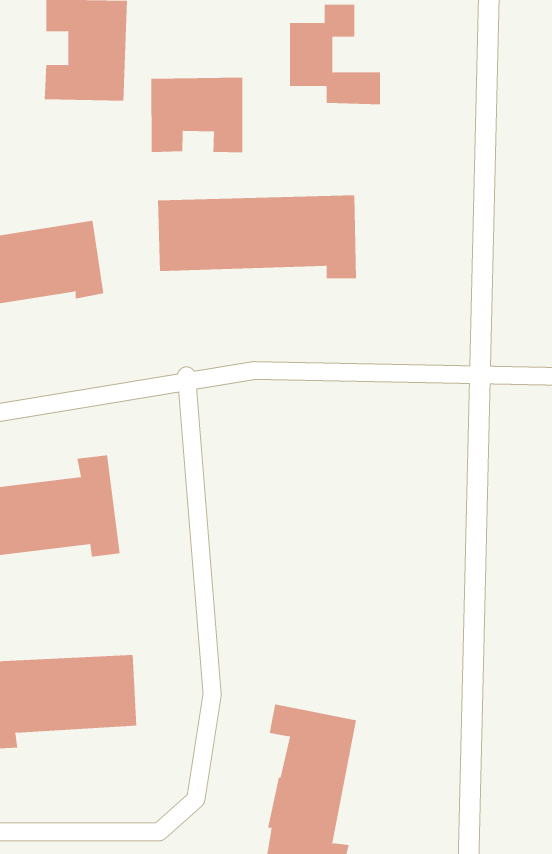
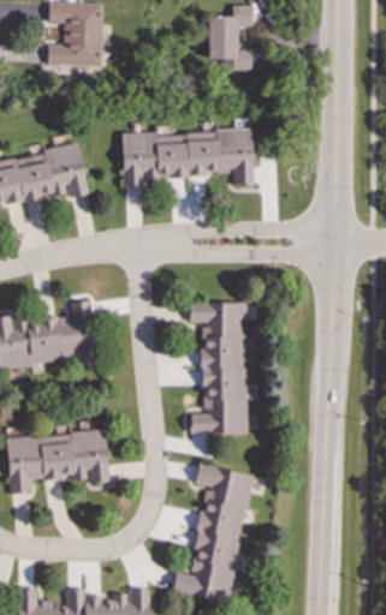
building: [151,77,243,153] -> none
building: none -> [189,303,247,434]

